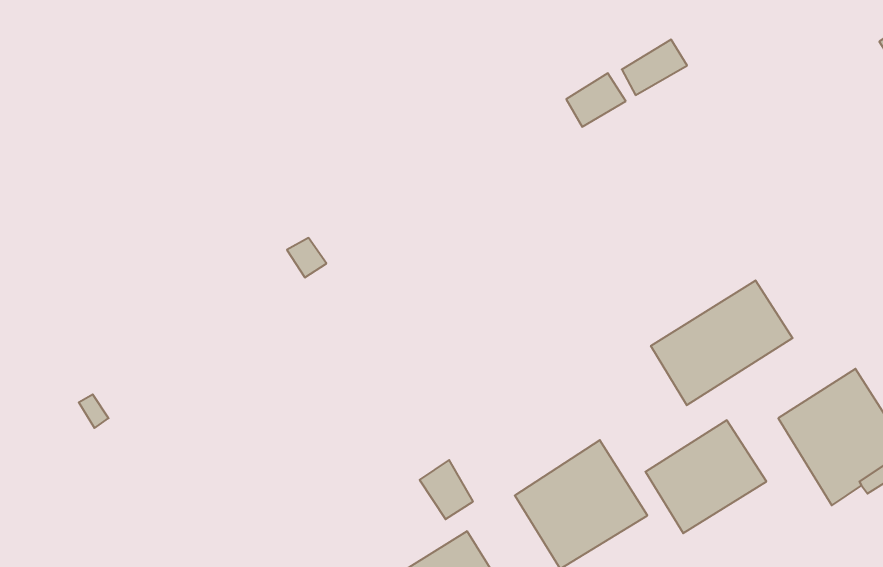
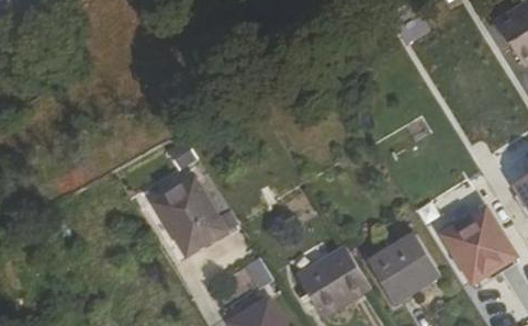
building: [651,280,793,405] -> none
building: none -> [154,179,238,256]

